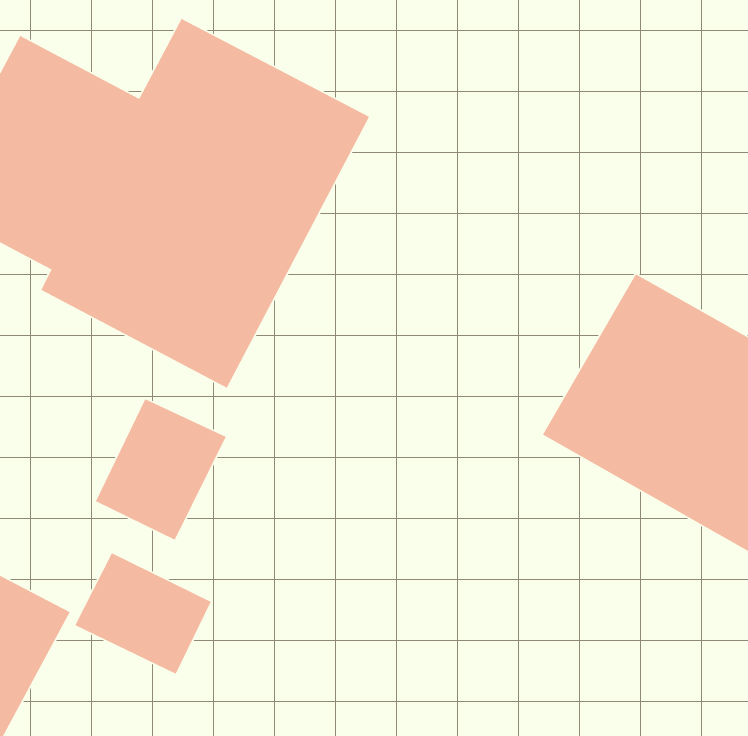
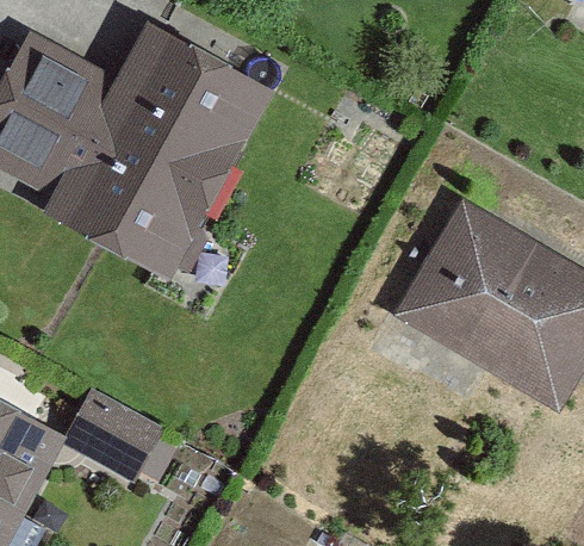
building: [95,398,227,541] -> none

